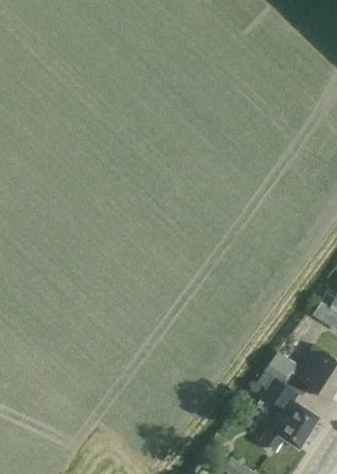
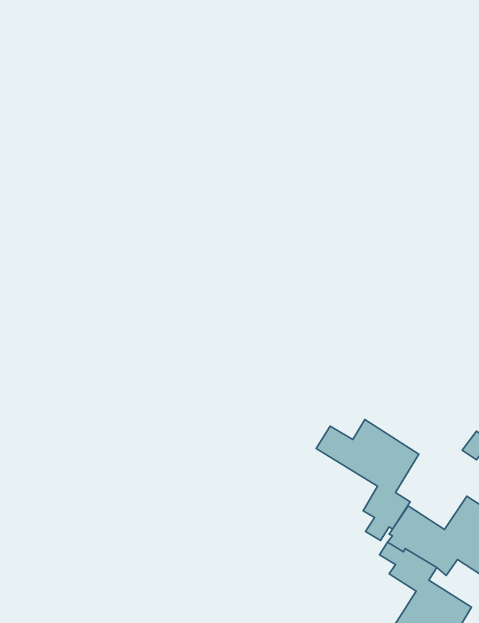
building: none -> [316,419,419,541]

